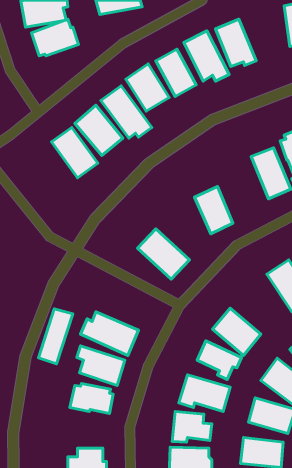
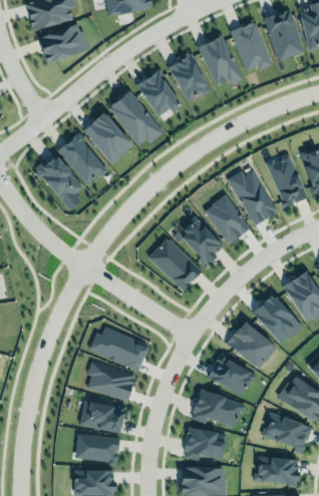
building: none -> [266,11,303,61]
building: none -> [33,158,84,211]
building: none -> [228,170,279,226]
building: none -> [177,217,226,266]
building: none -> [251,291,305,348]
building: [39,309,73,364] -> none
building: none -> [74,433,119,466]

